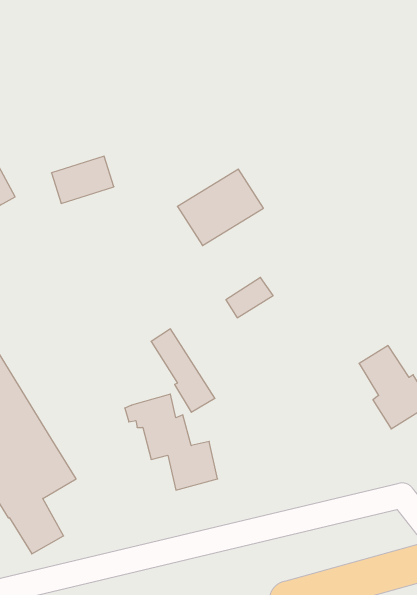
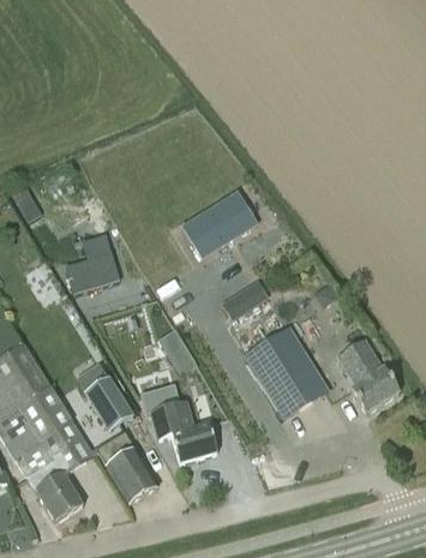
building: [51,156,114,203] -> [65,252,119,293]
building: none -> [244,323,329,415]
building: none -> [84,378,132,430]
building: none -> [96,431,155,502]

